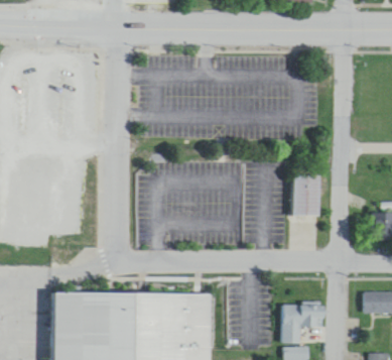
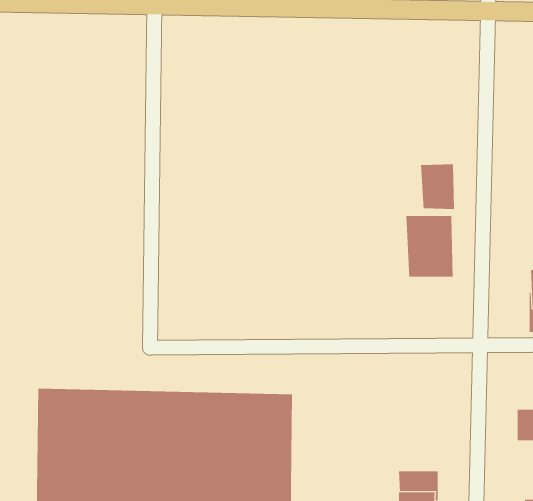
building: none -> [420,164,455,210]
building: [279,294,324,334] -> none

